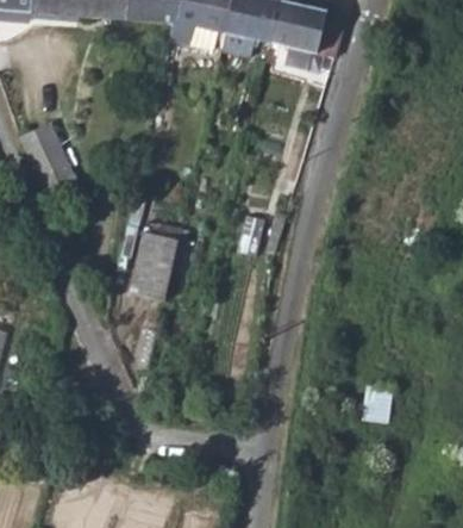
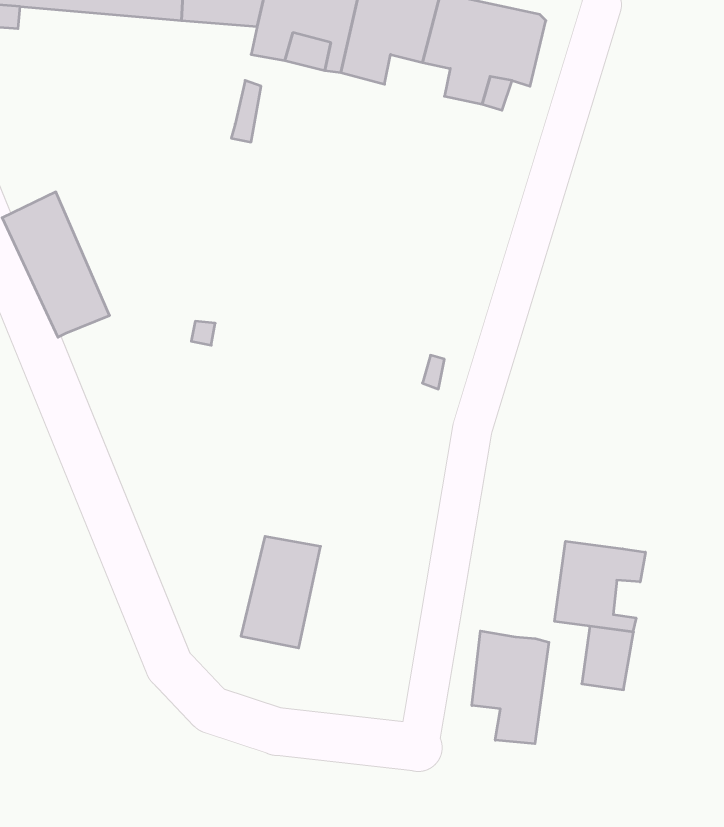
building: [129,231,176,298] -> [241,536,321,648]
building: none -> [555,541,645,632]
building: none -> [472,631,549,744]

